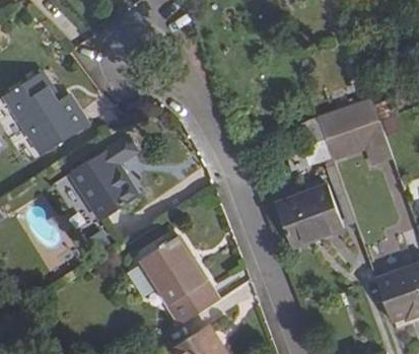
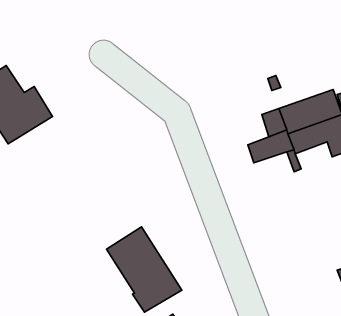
building: [68,136,138,220] -> none
building: [274,183,342,249] -> none

